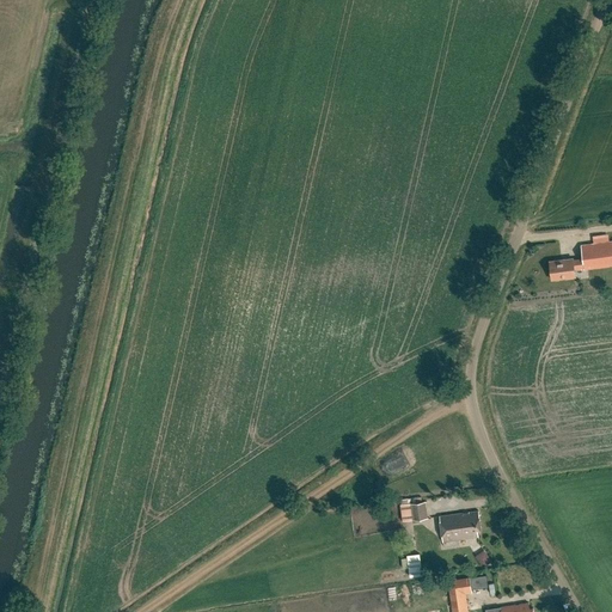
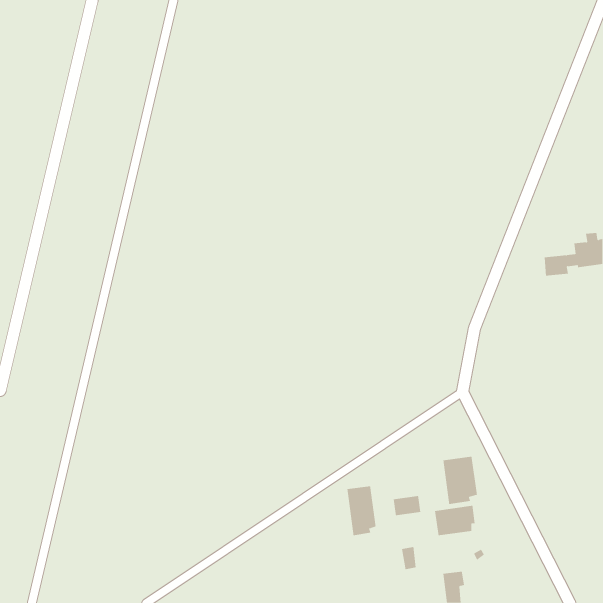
building: none -> [443,456,478,505]
building: none -> [347,485,376,536]

